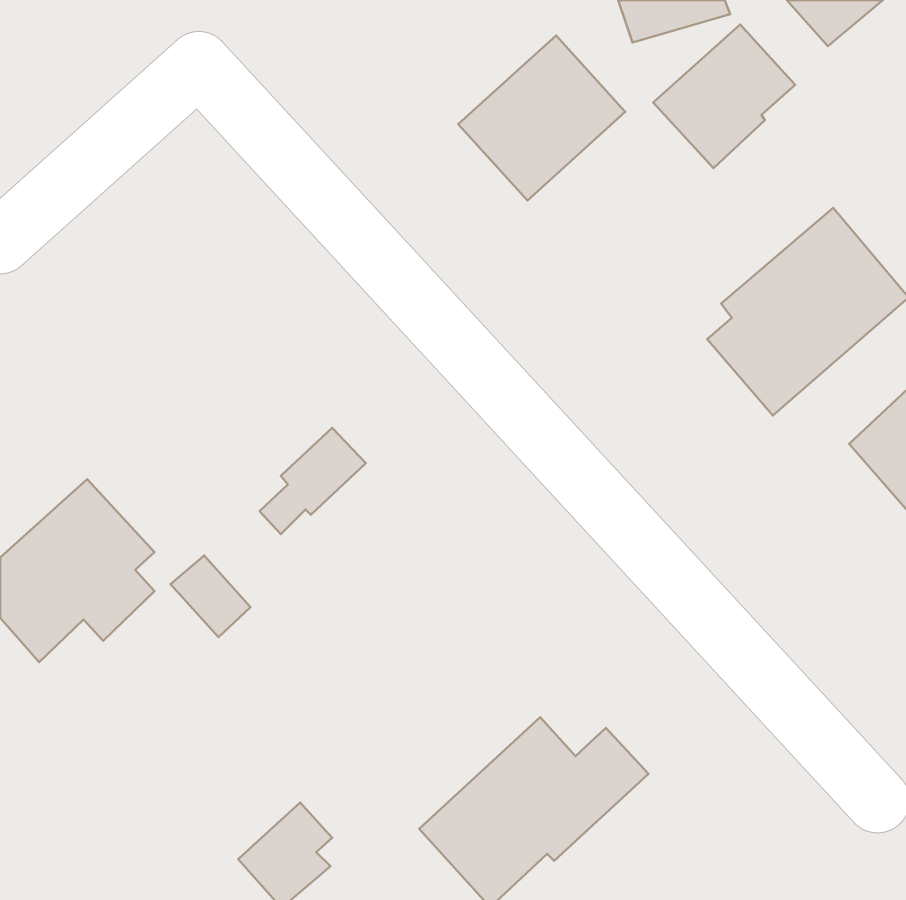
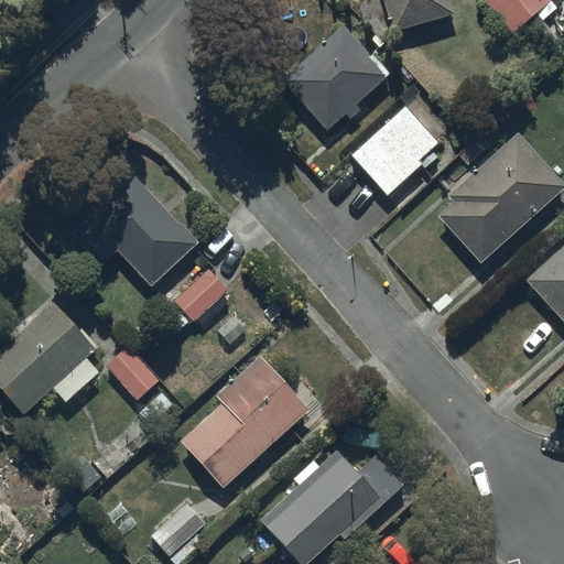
building: [653,24,795,168] -> [351,106,440,195]
building: none -> [73,178,195,285]
building: none -> [181,357,307,485]

